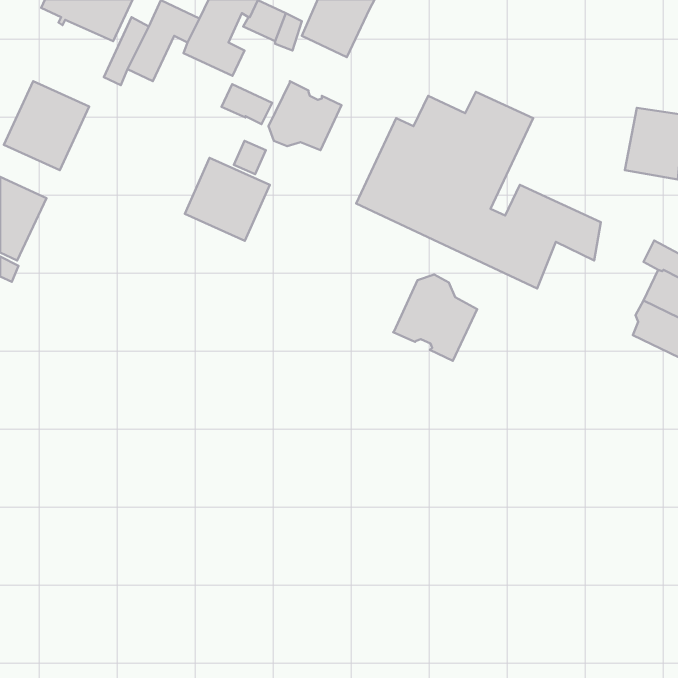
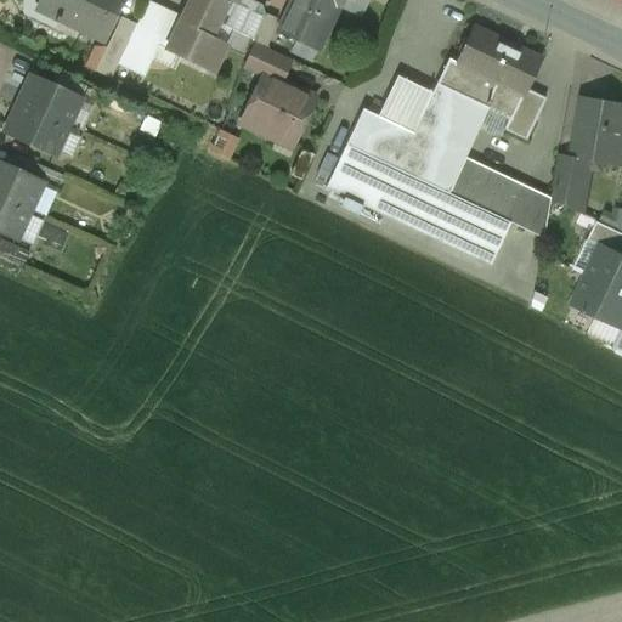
building: none -> [436,26,547,140]
building: [221,84,272,124] -> [244,45,290,81]
building: [185,158,270,241] -> none
building: none -> [552,159,577,207]
building: [393,274,477,361] -> none

